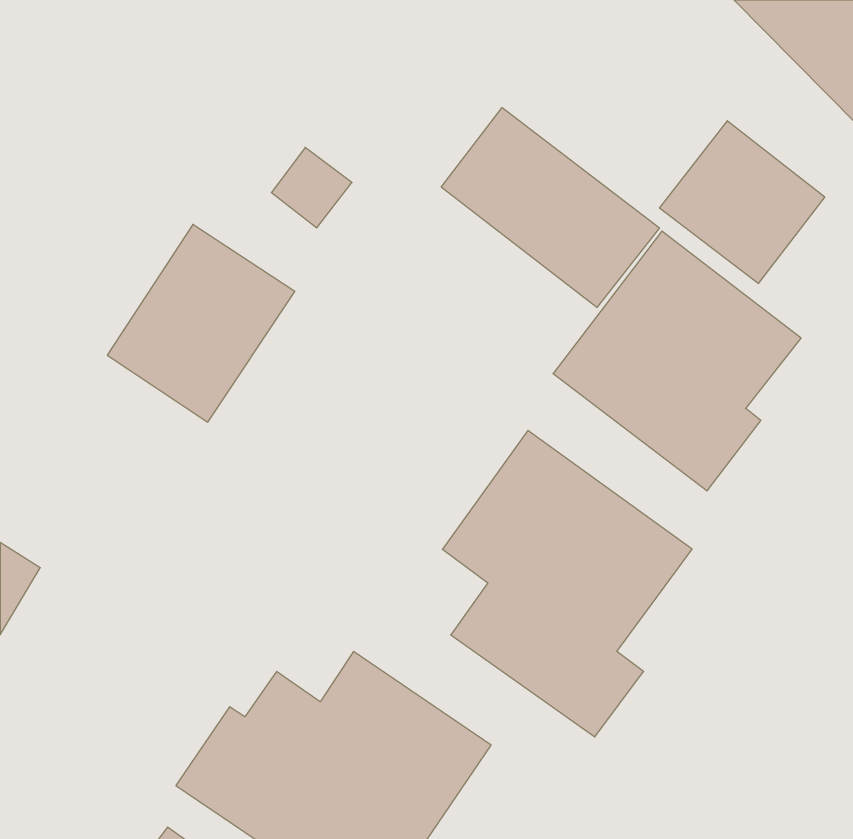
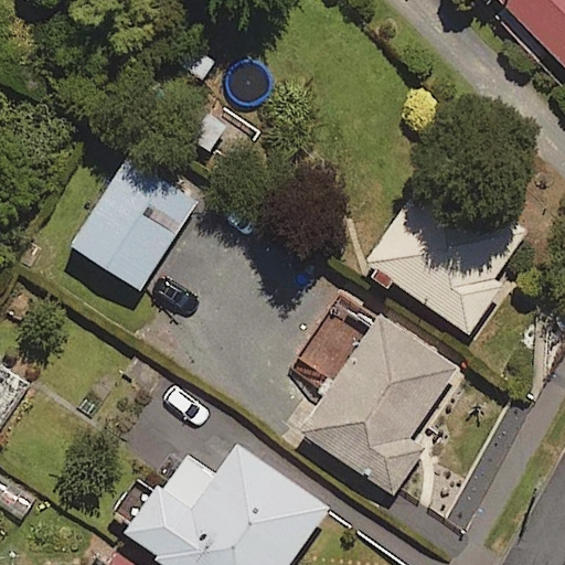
building: [441,108,659,307] -> none
building: [660,121,825,284] -> none

